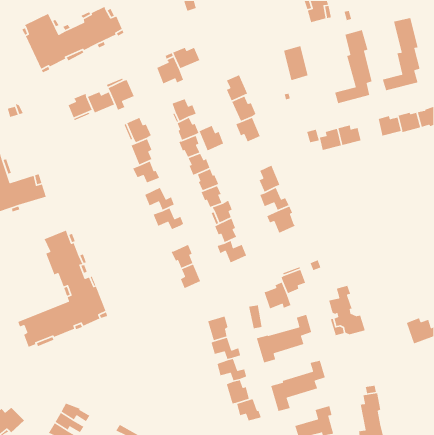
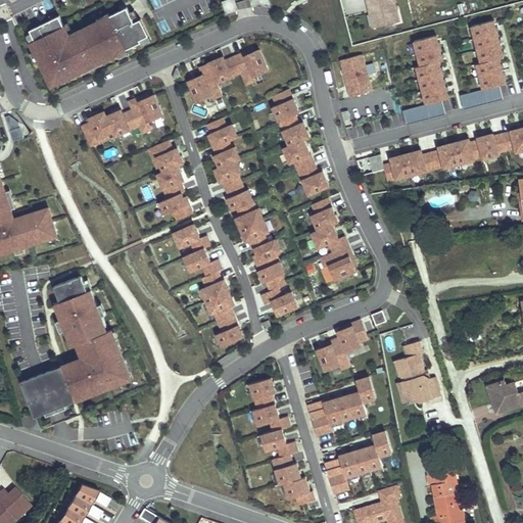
building: none -> [233,50,267,86]
building: none -> [429,143,458,170]
building: [199,125,224,151] -> [296,164,327,196]
building: none -> [201,272,228,301]

